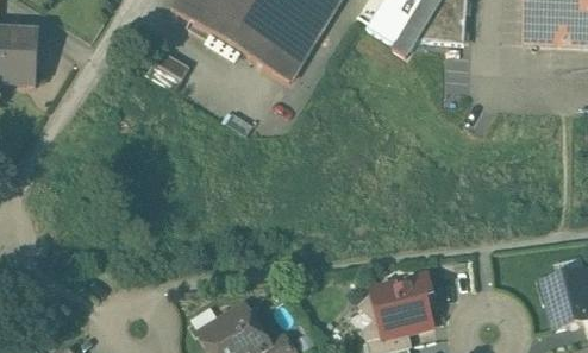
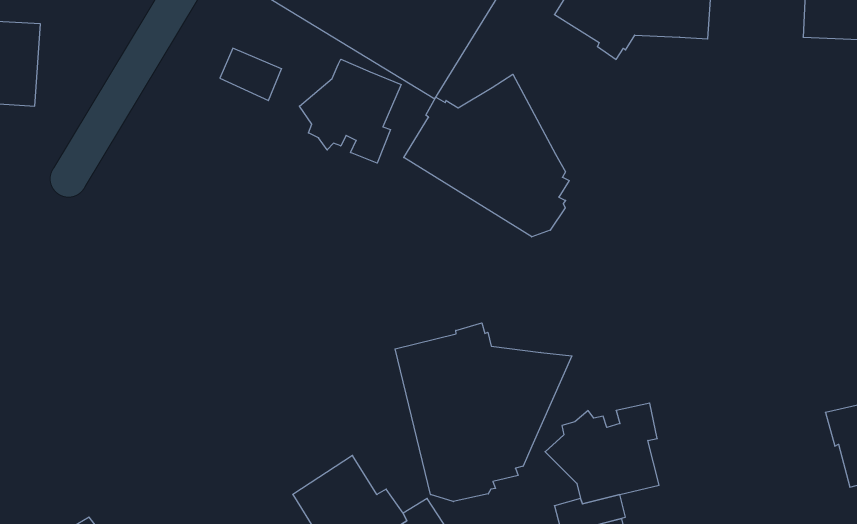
building: none -> [299,59,401,163]
building: none -> [404,74,569,237]
building: none -> [395,323,572,502]

